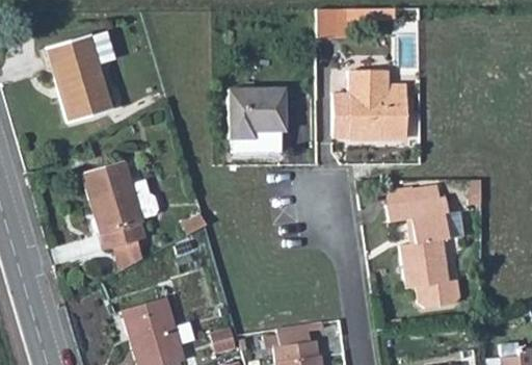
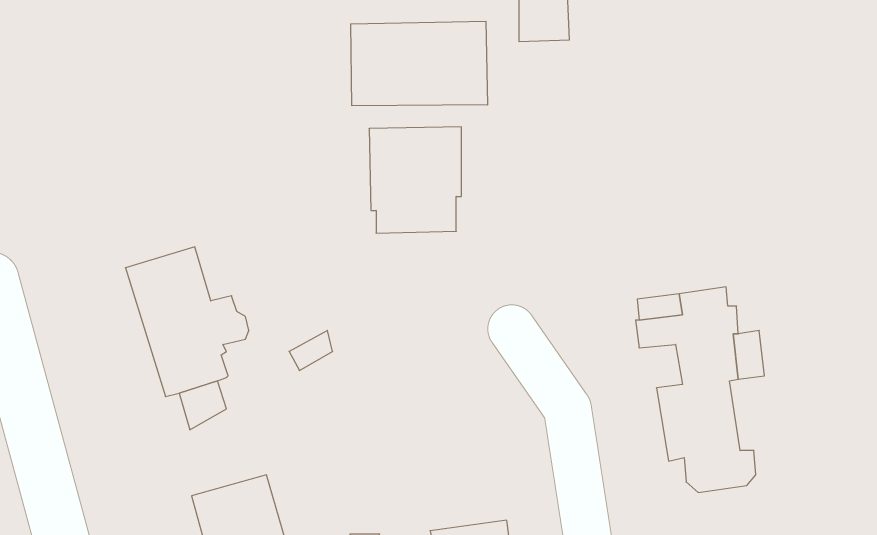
building: none -> [351,21,488,106]
building: [49,35,114,123] -> none
building: [334,71,404,138] -> none

